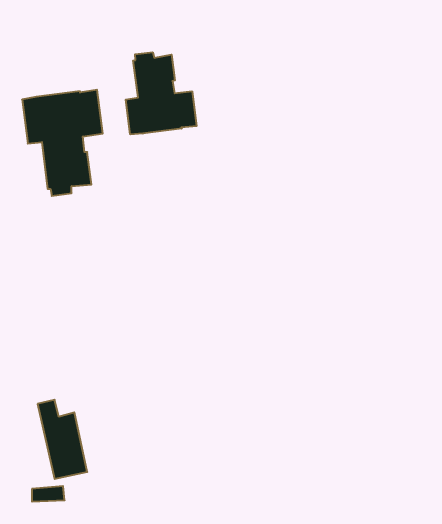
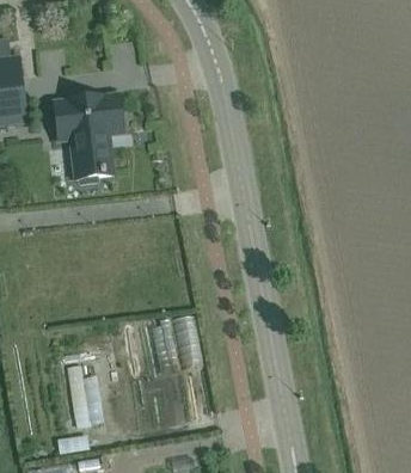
building: [126,52,197,134] -> none

